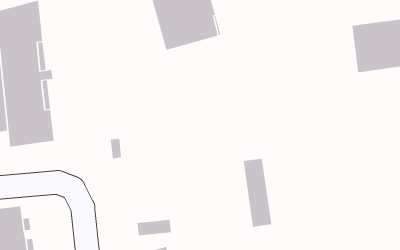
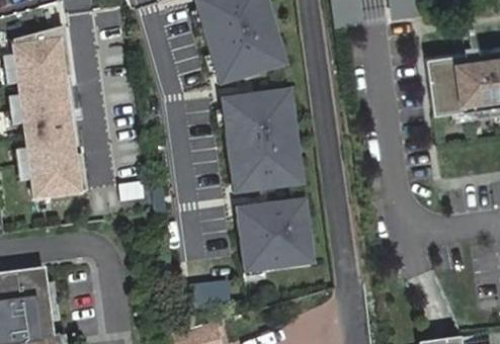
building: none -> [216,89,290,190]
building: none -> [227,199,301,267]

